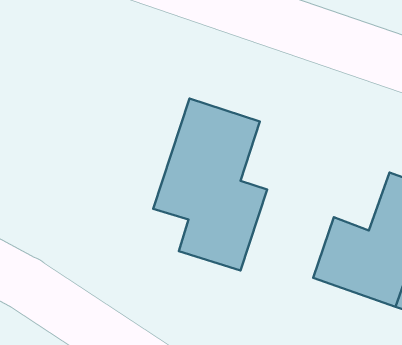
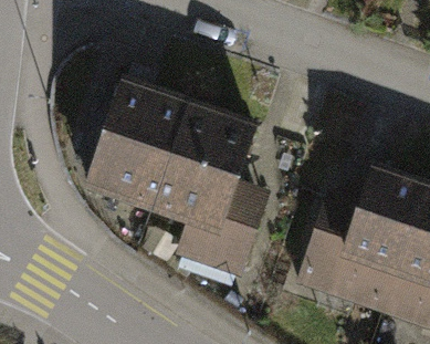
building: none -> [86,90,195,213]

